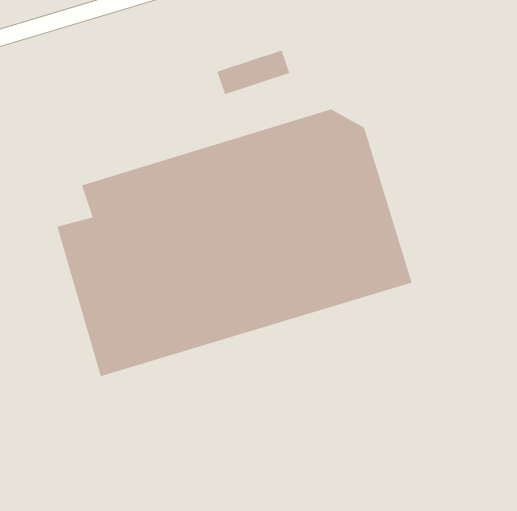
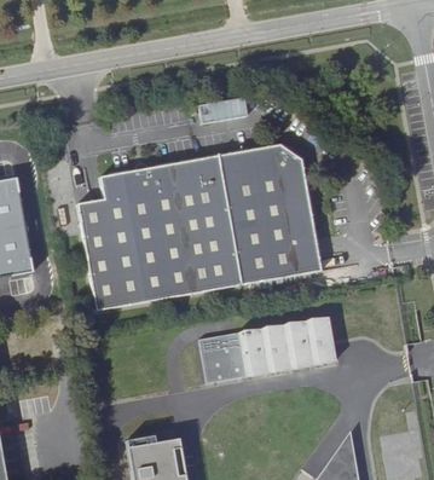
building: none -> [199,313,336,382]

